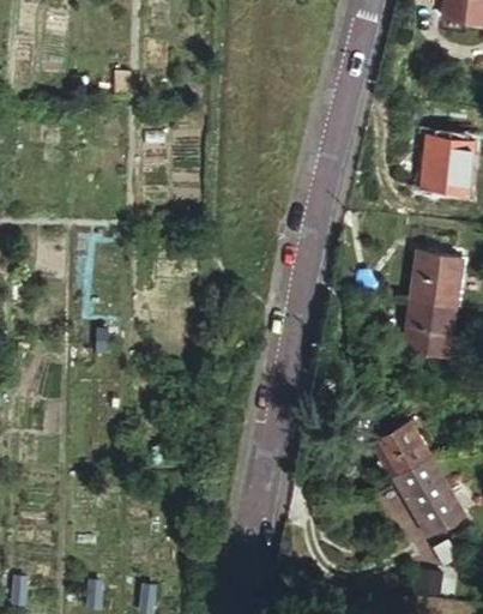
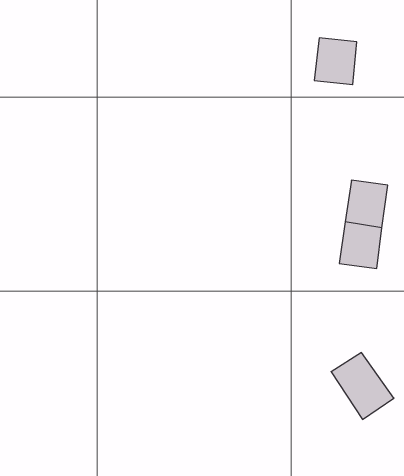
building: [422,138,472,193] -> [314,38,357,85]
building: [370,422,429,478] -> none

